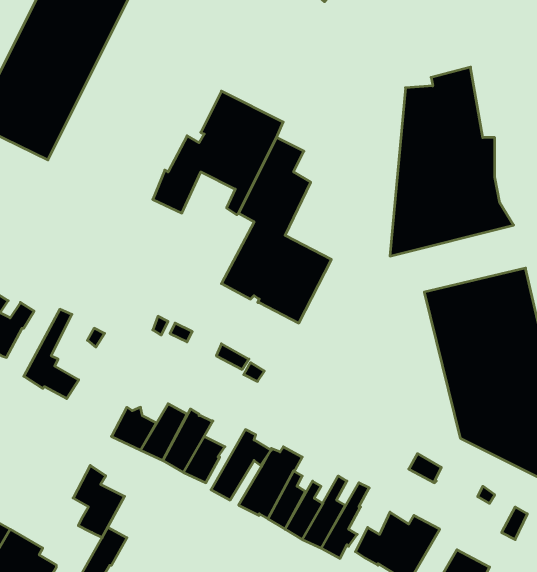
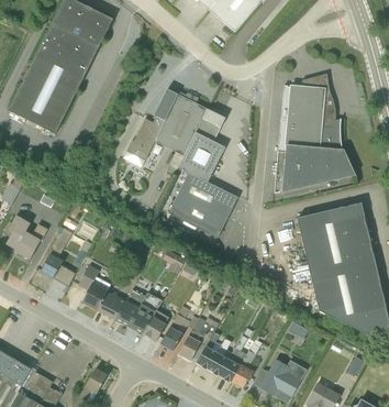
building: [73,465,125,538] -> [78,264,111,310]

